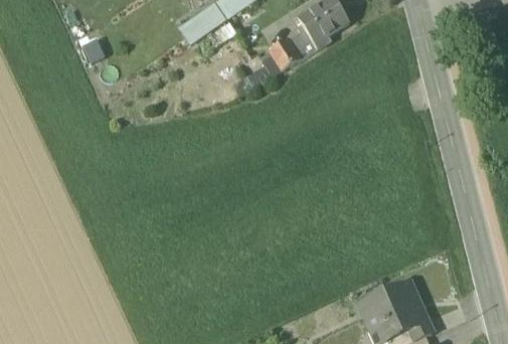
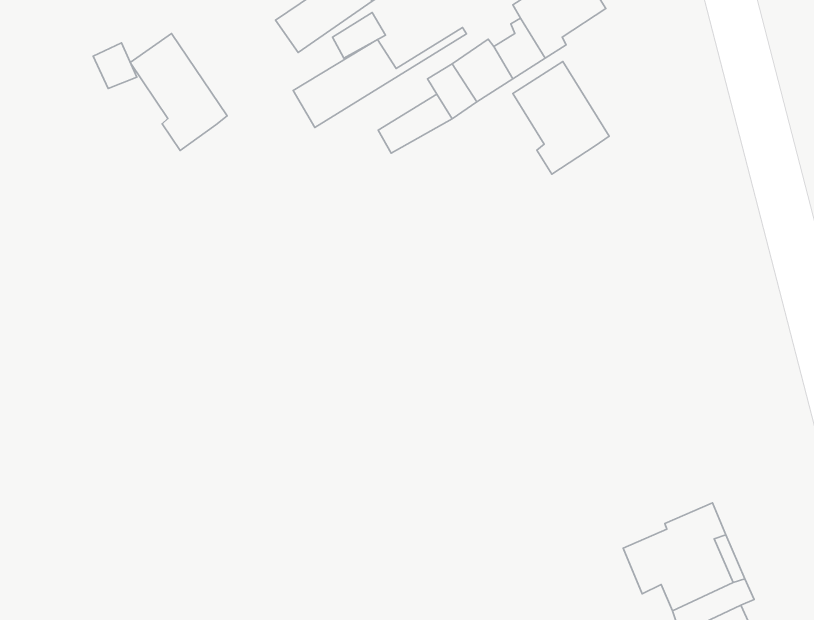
building: none -> [293,27,467,128]
building: none -> [130,33,227,150]
building: none -> [513,61,609,174]

